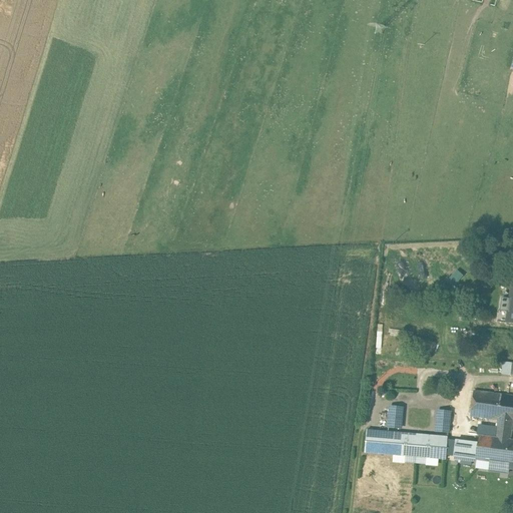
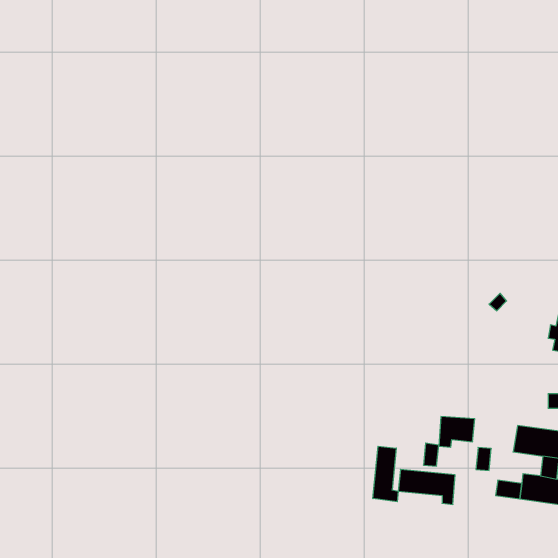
building: none -> [373,446,398,502]
building: [416,435,449,463] -> [439,417,475,447]

